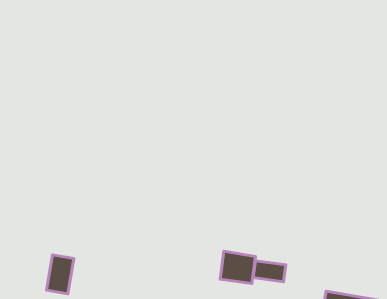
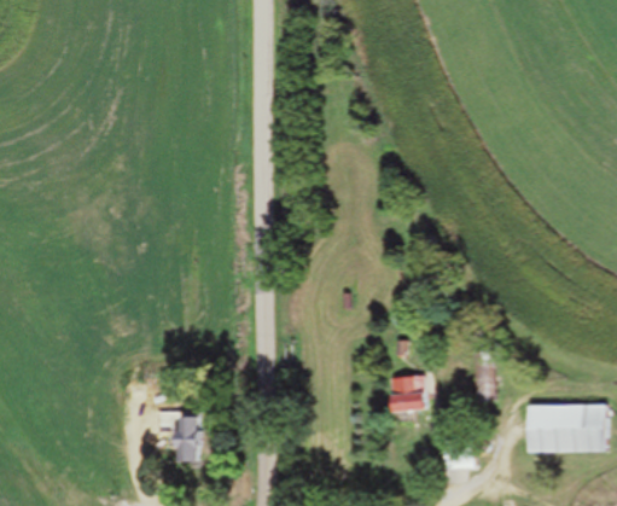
building: [253,261,286,282] -> none

